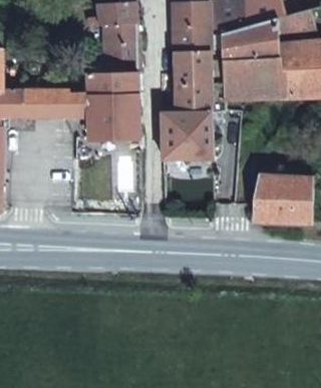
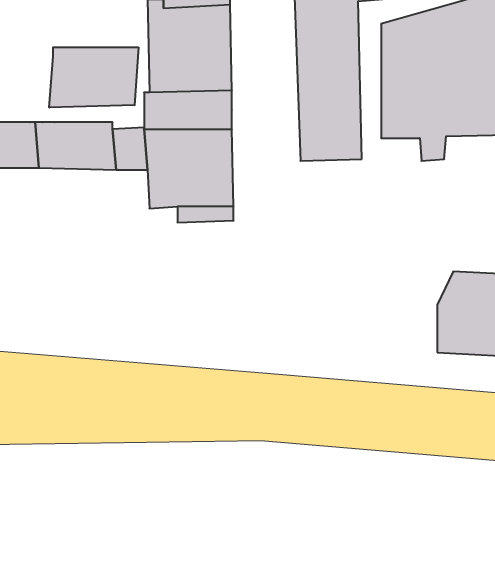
building: none -> [49,47,138,108]
building: [161,110,220,157] -> none

